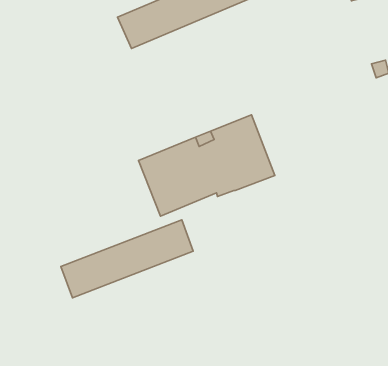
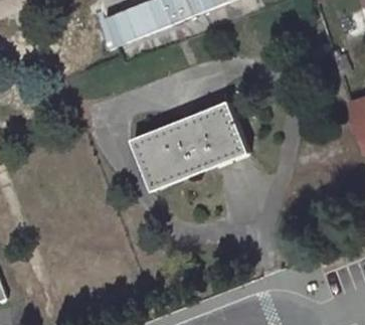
building: [61,220,193,298] -> none

